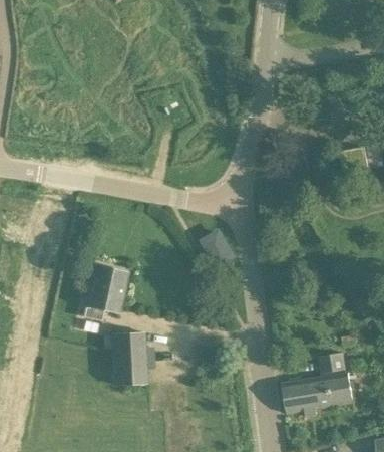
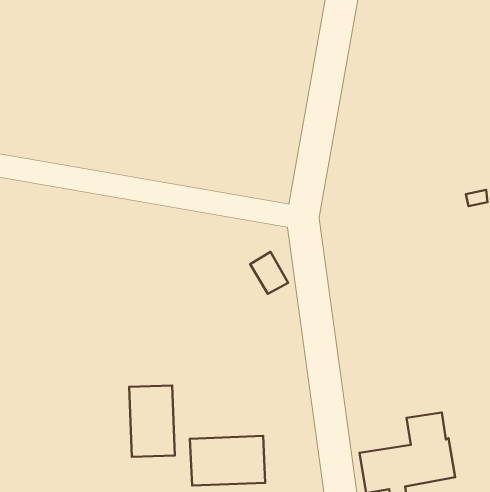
building: [84,265,127,319] -> none
building: none -> [190,436,265,485]

